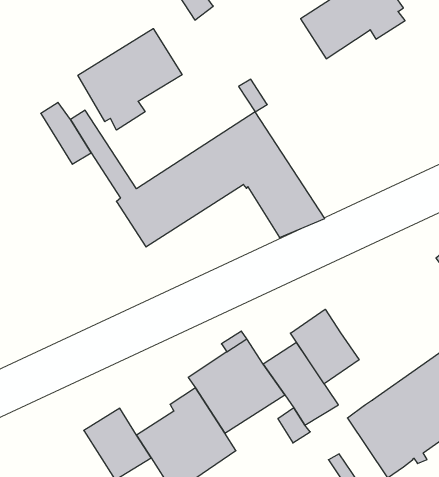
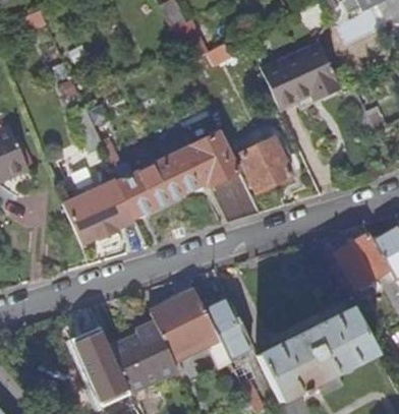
building: [78,29,182,130] -> none
building: none -> [238,137,293,192]
building: none -> [62,179,134,244]
building: [290,309,359,384] -> none

